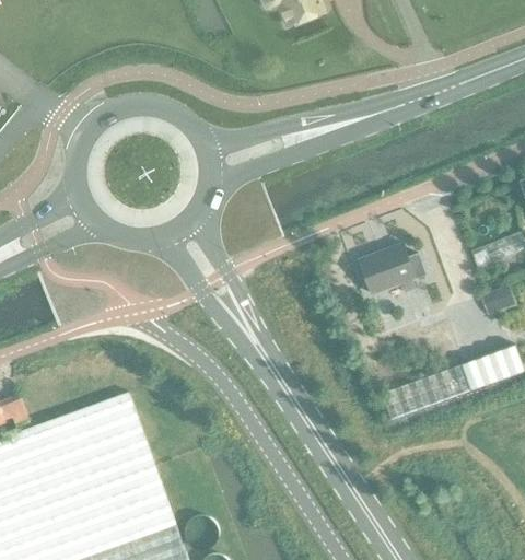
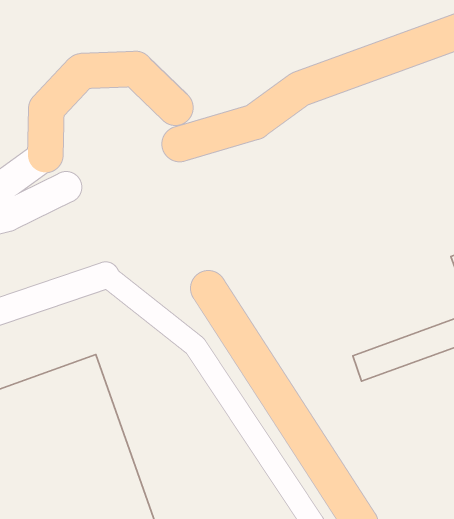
building: [360,243,428,294] -> none

